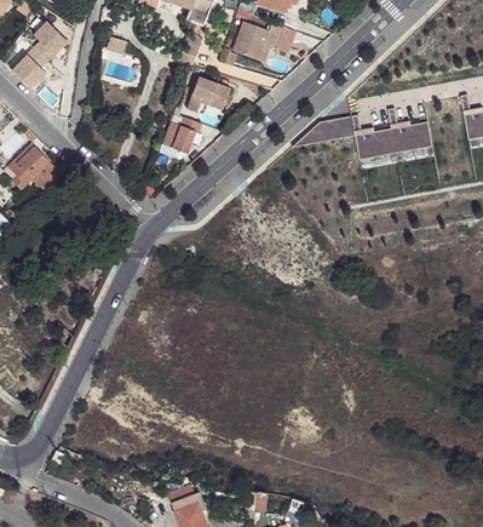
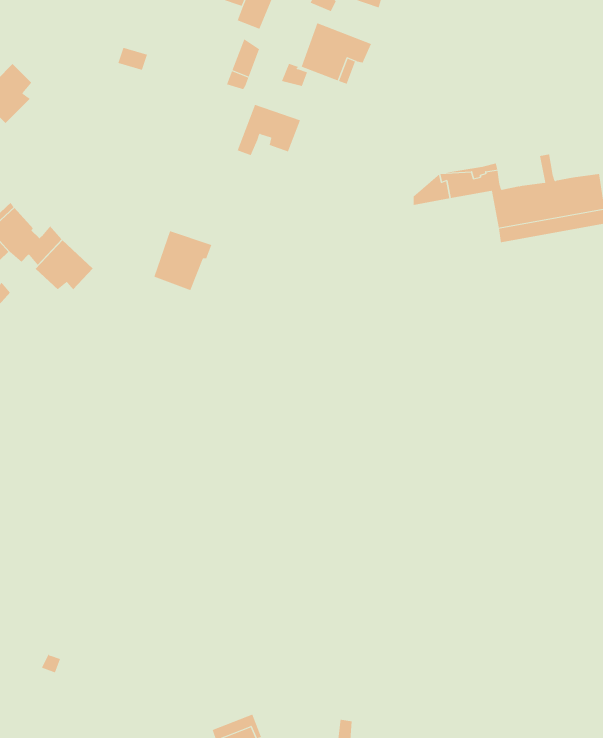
building: [34,21,68,61] -> none
building: [162,111,202,153] -> [154,231,212,291]
building: none -> [35,239,94,290]

